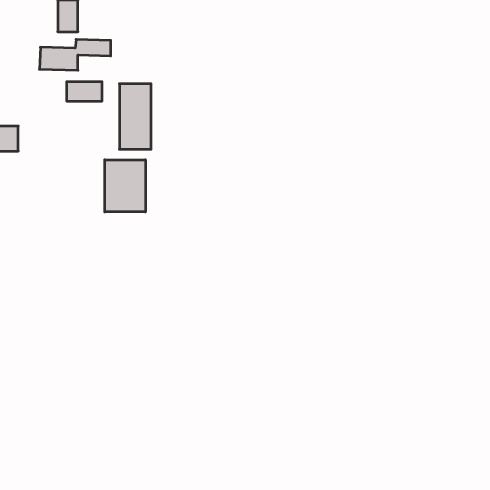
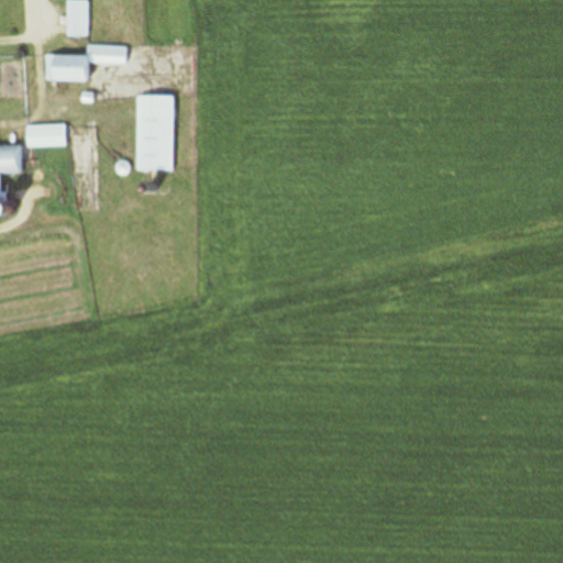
building: [67,82,102,101] -> [25,123,66,145]
building: [105,160,145,212] -> none

